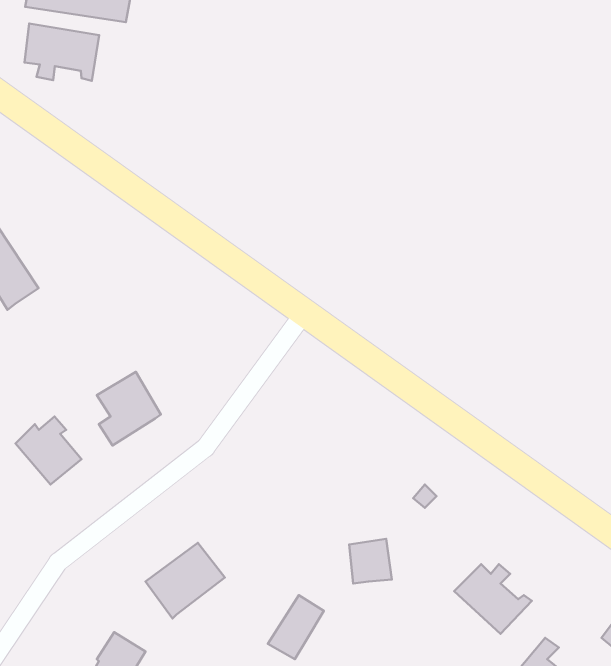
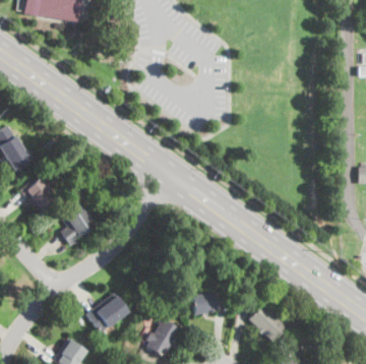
building: [24,23,99,81] -> none
building: [16,416,82,484] -> [22,177,57,213]

